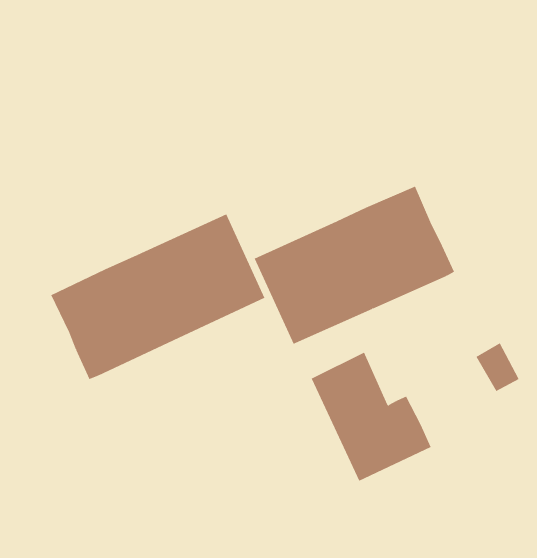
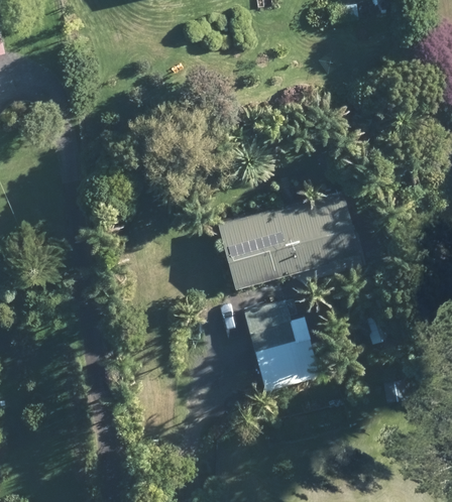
building: [51,213,265,380] -> none

